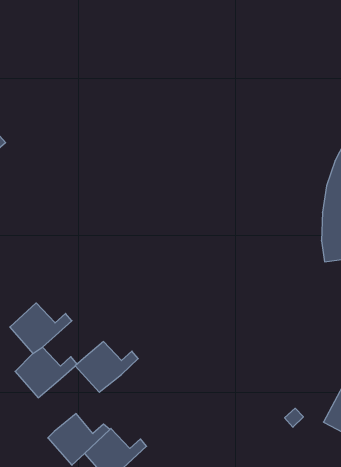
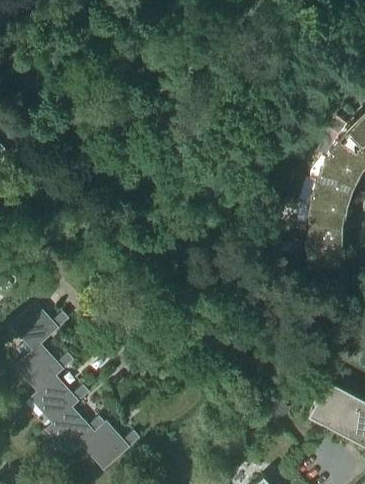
building: [75,342,138,392] -> [30,379,90,427]

